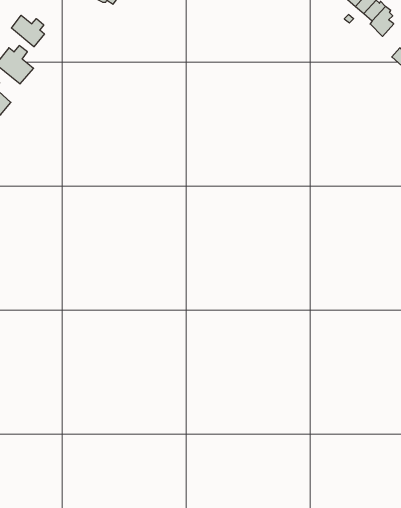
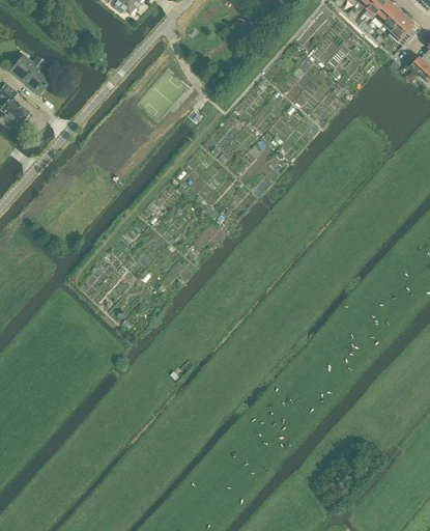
building: [11,15,44,47] -> none

